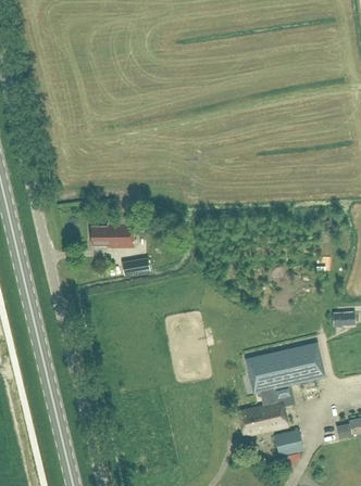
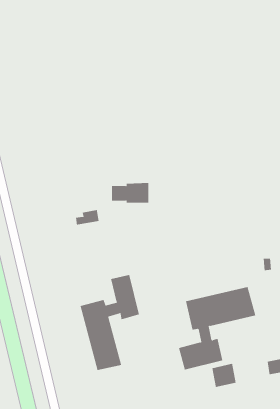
building: [90,223,133,246] -> [111,183,149,203]
building: none -> [80,274,139,371]

